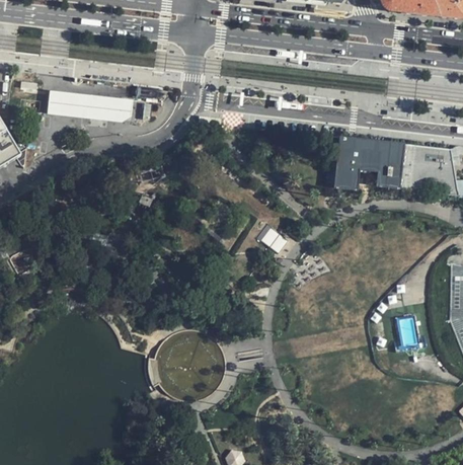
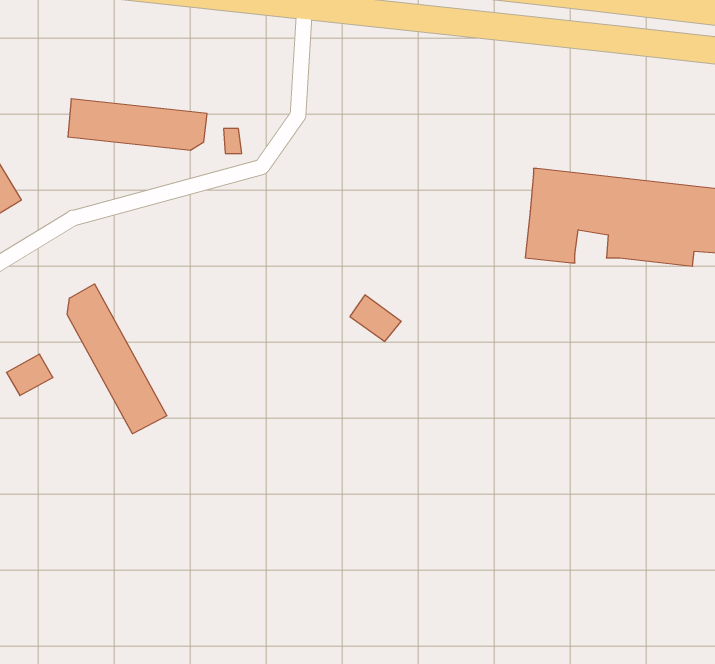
building: none -> [67,284,167,434]
building: [257,223,289,251] -> [350,295,401,341]

